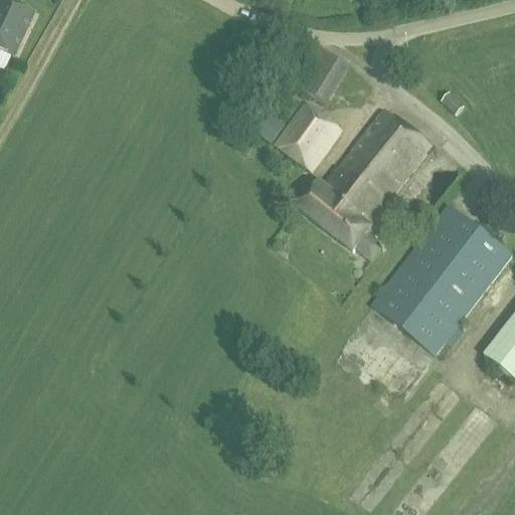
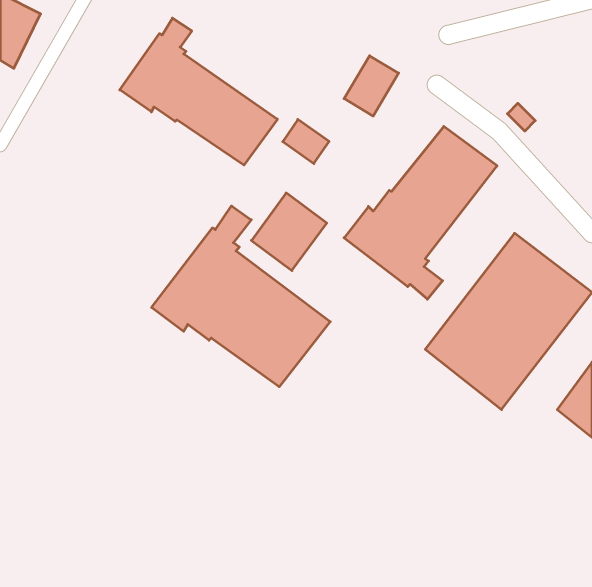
building: none -> [120,18,277,165]
building: [276,102,341,169] -> [251,193,327,271]
building: none -> [152,206,330,387]

